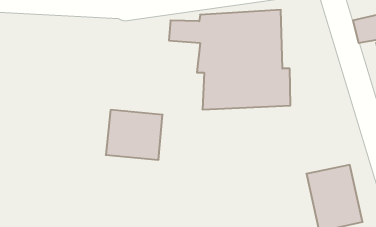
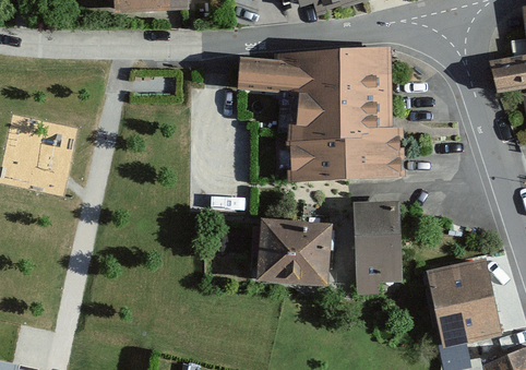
building: [106,110,163,160] -> [255,220,333,288]
building: none -> [354,201,403,294]

